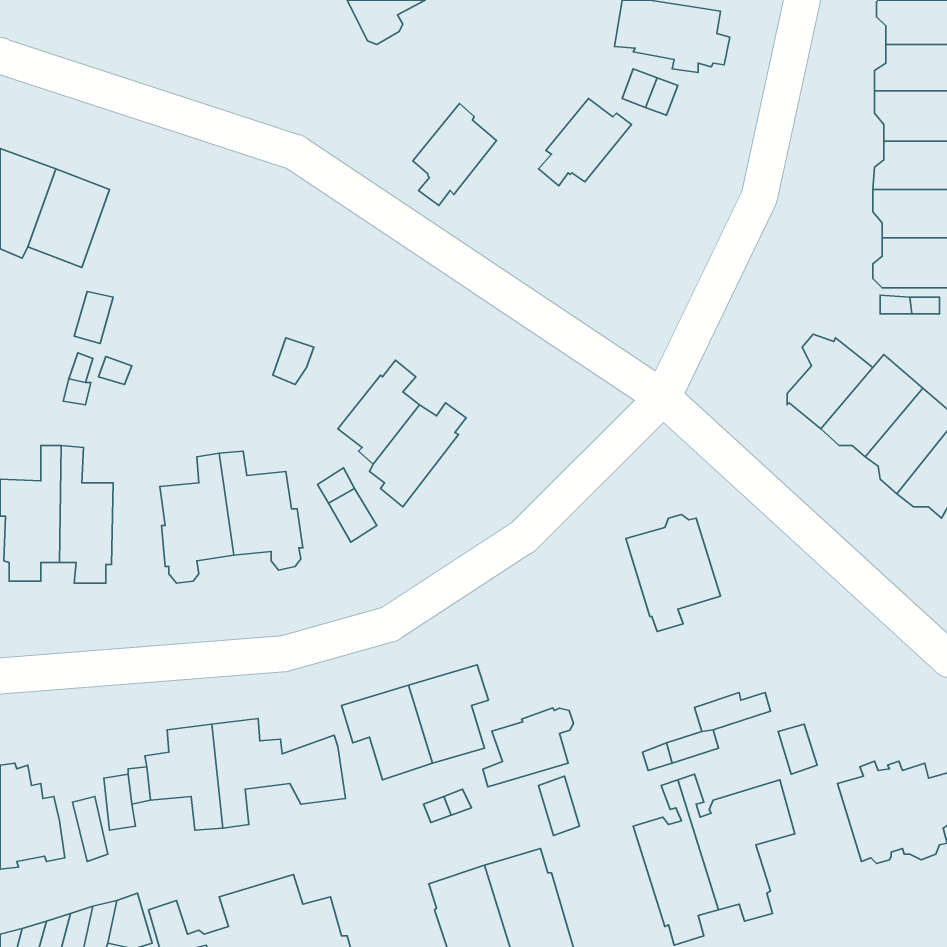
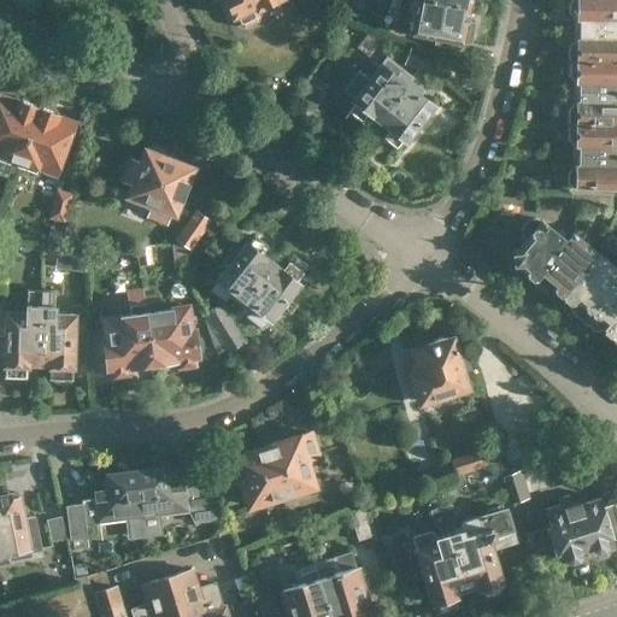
building: [413,103,496,206] -> [381,82,435,148]
building: none -> [119,145,194,215]
building: [483,708,573,787] -> none

